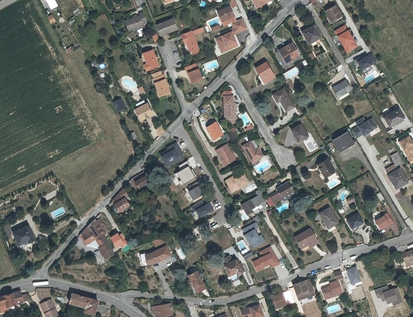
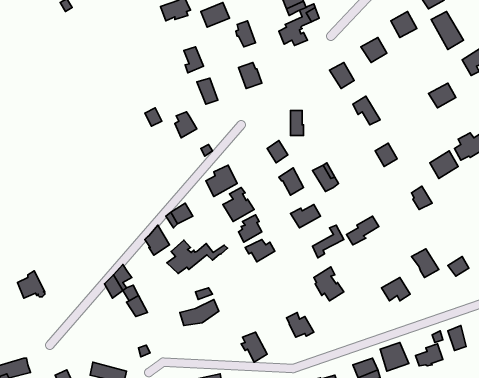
building: none -> [167,240,228,274]
building: [251,245,280,271] -> none

